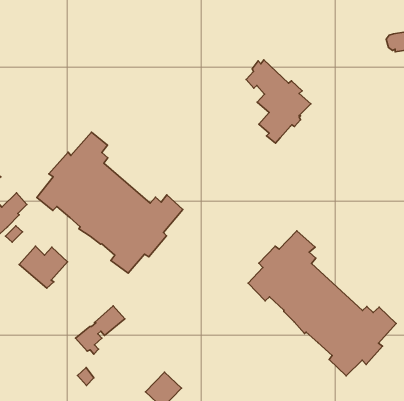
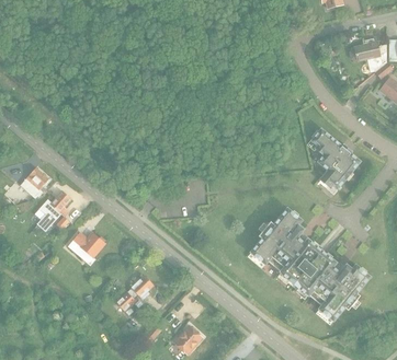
building: [246,60,311,143] -> [307,127,360,193]
building: [37,132,183,273] -> none

